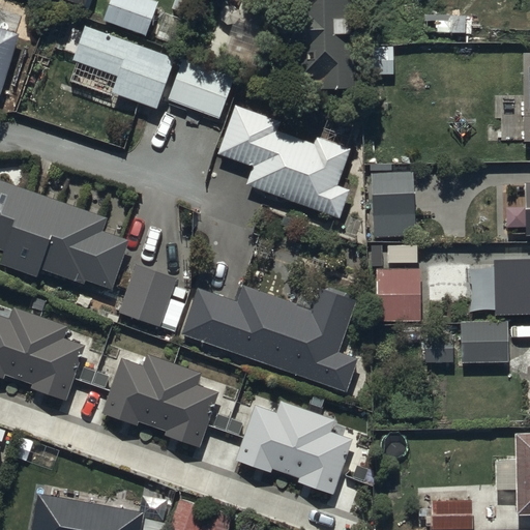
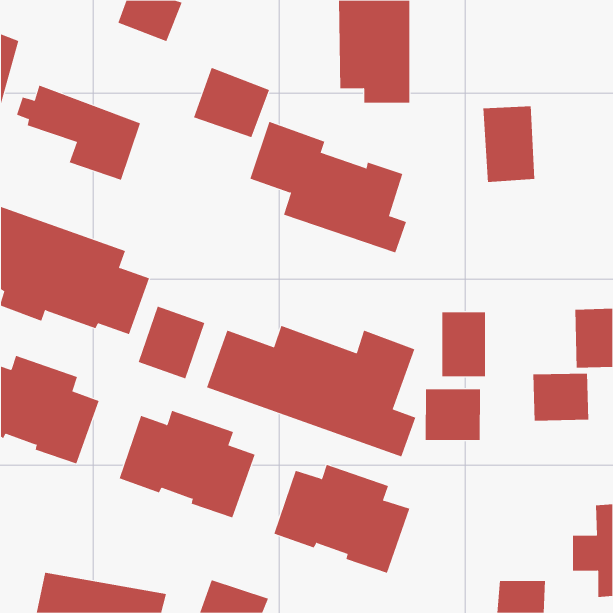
building: [64,26,172,109] -> [16,85,141,181]
building: [371,171,416,237] -> [482,106,535,183]
building: none -> [425,388,481,441]

